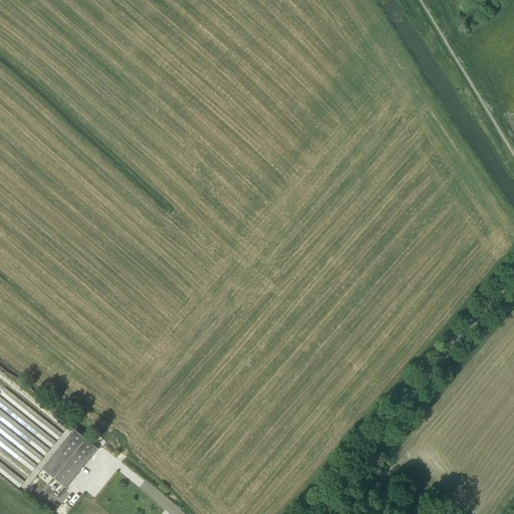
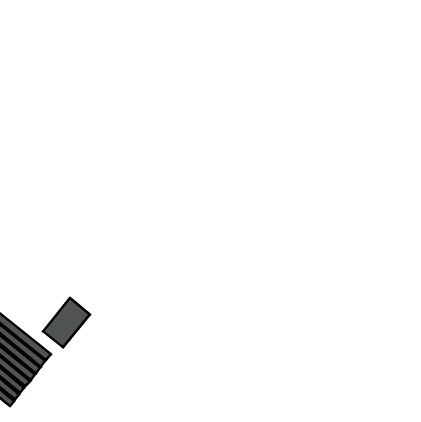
building: [34,436,90,495] -> [43,298,90,347]

